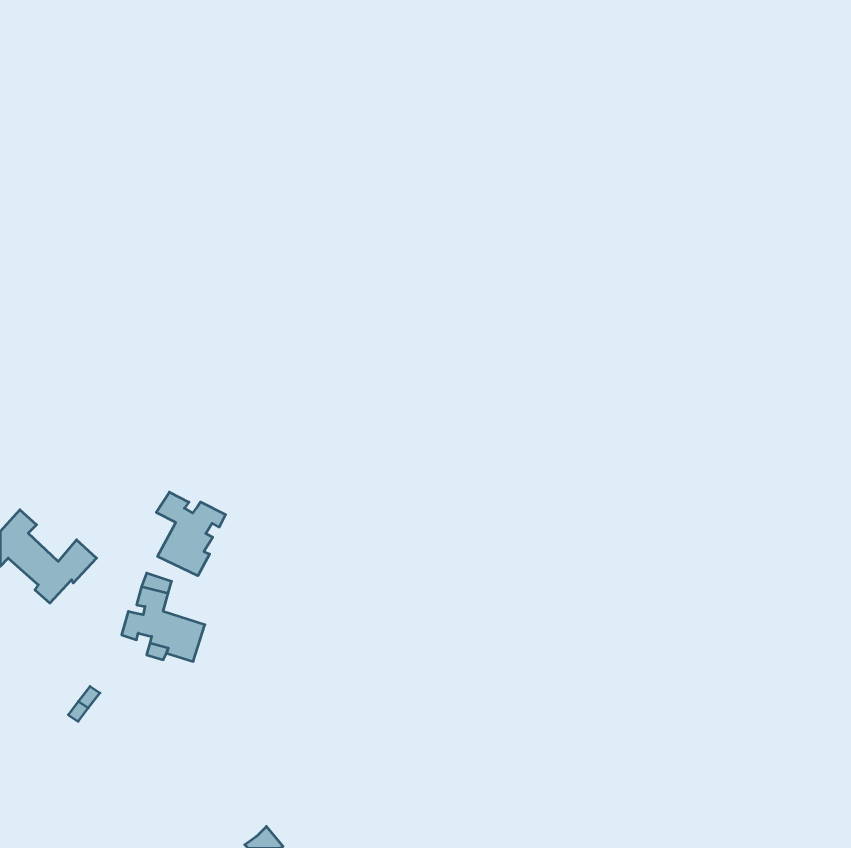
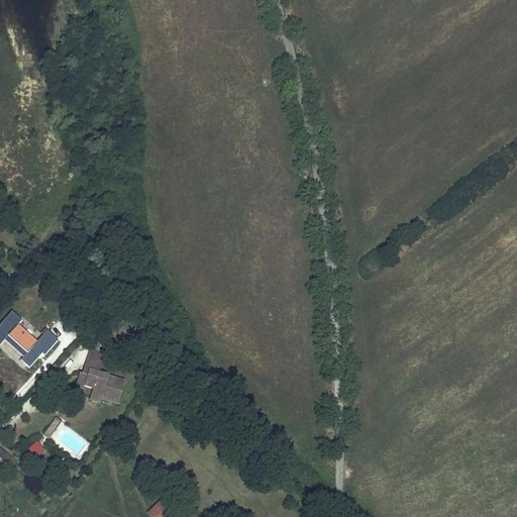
building: [156,492,226,576] -> none

